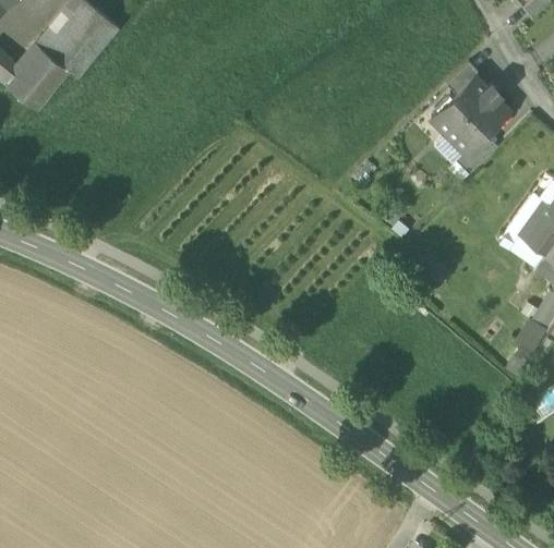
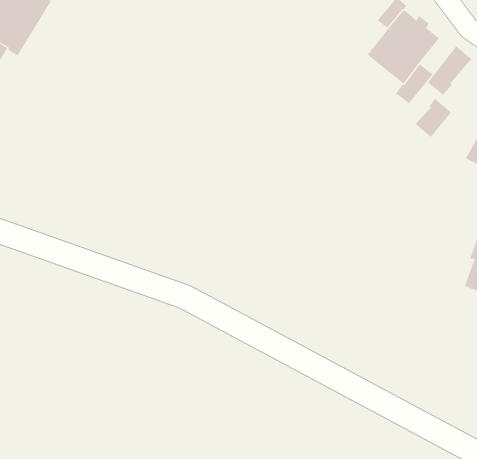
building: none -> [427,46,472,96]
building: none -> [414,98,452,138]

